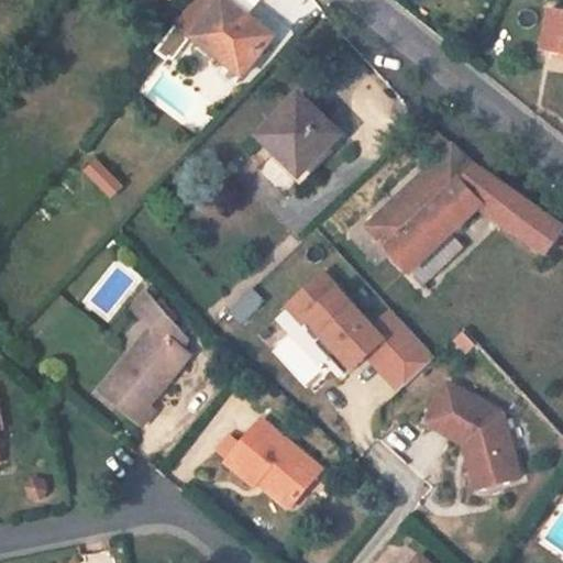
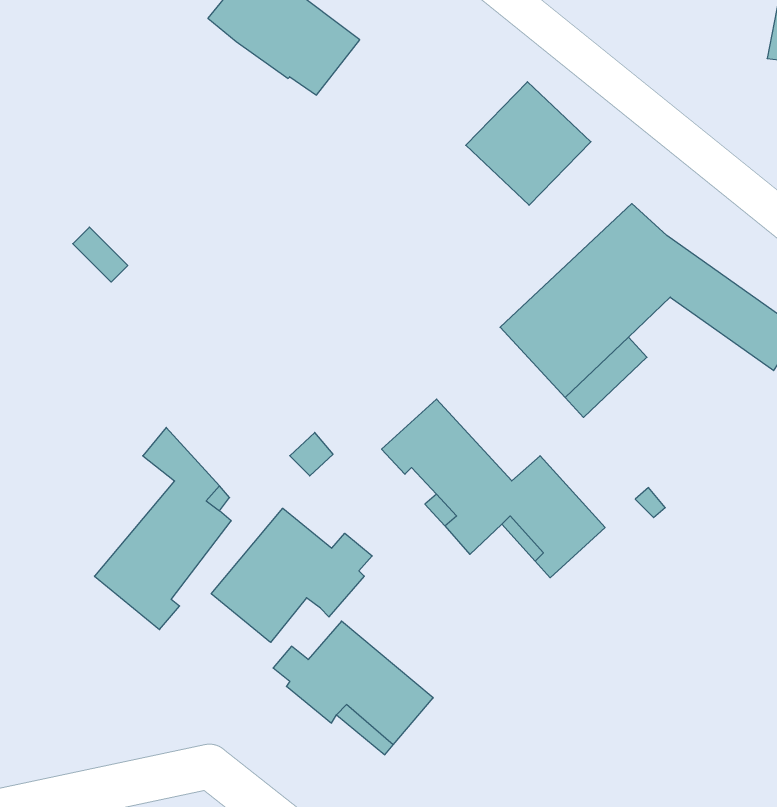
building: [257,93,340,175] -> [466,82,591,205]
building: none -> [211,508,372,642]
building: [426,385,520,490] -> none

